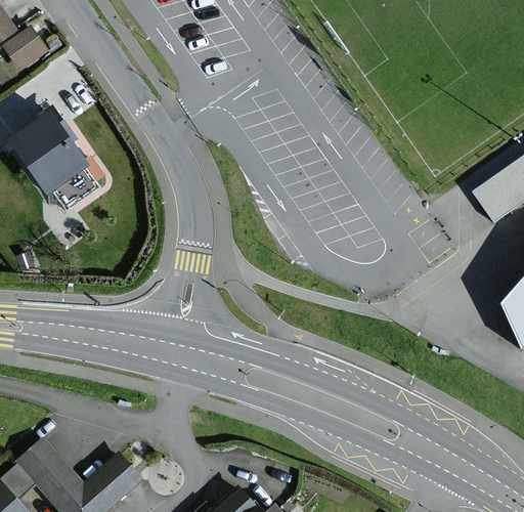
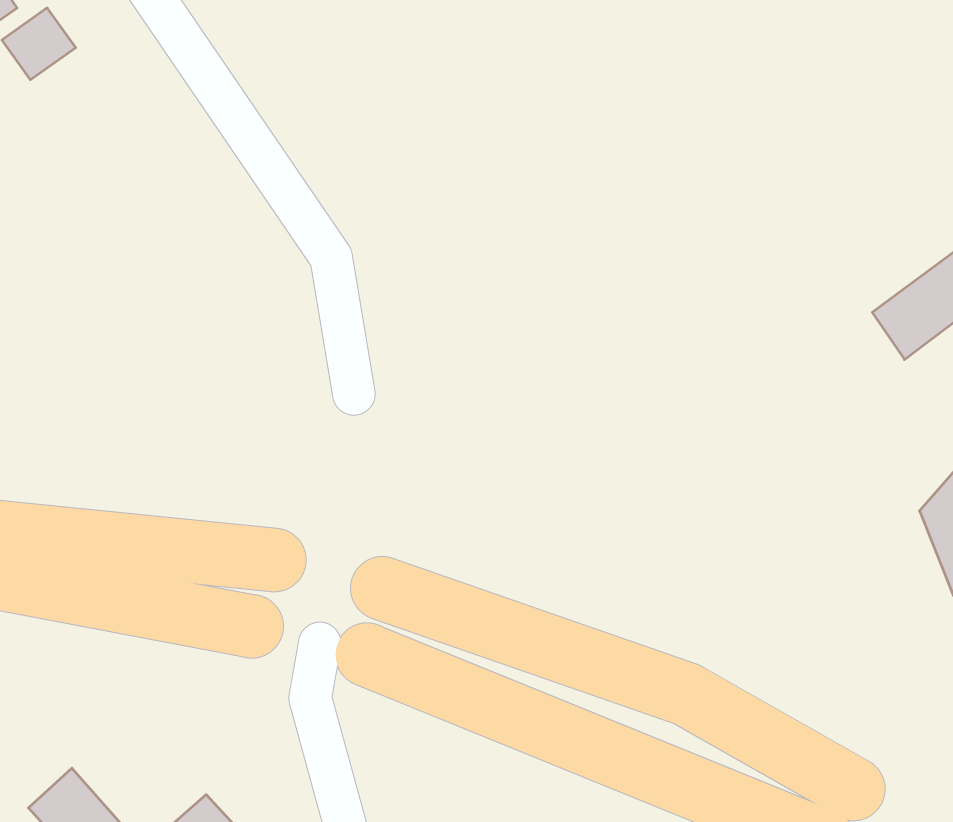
building: [12,117,80,189] -> none

